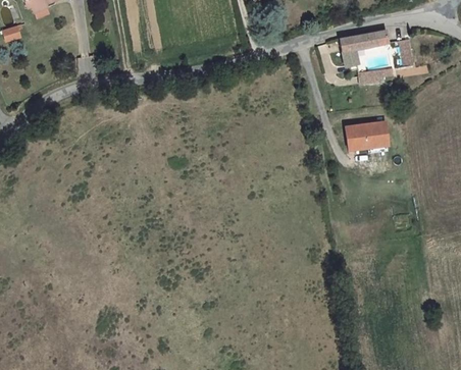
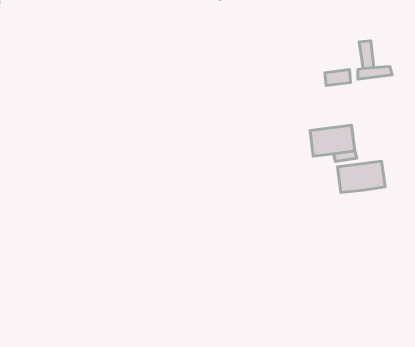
building: [341,29,389,65] -> none
building: none -> [337,161,385,193]

